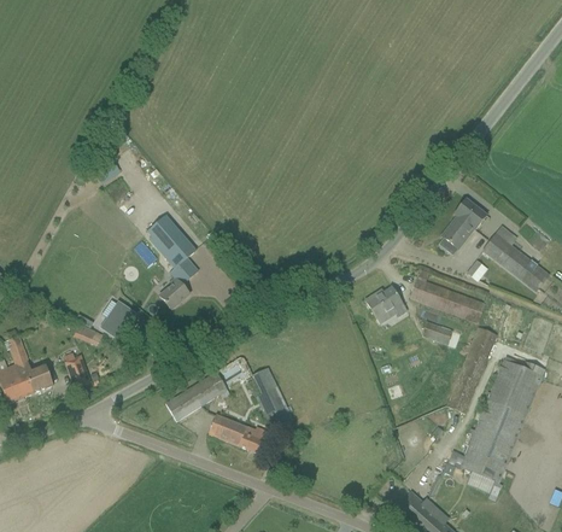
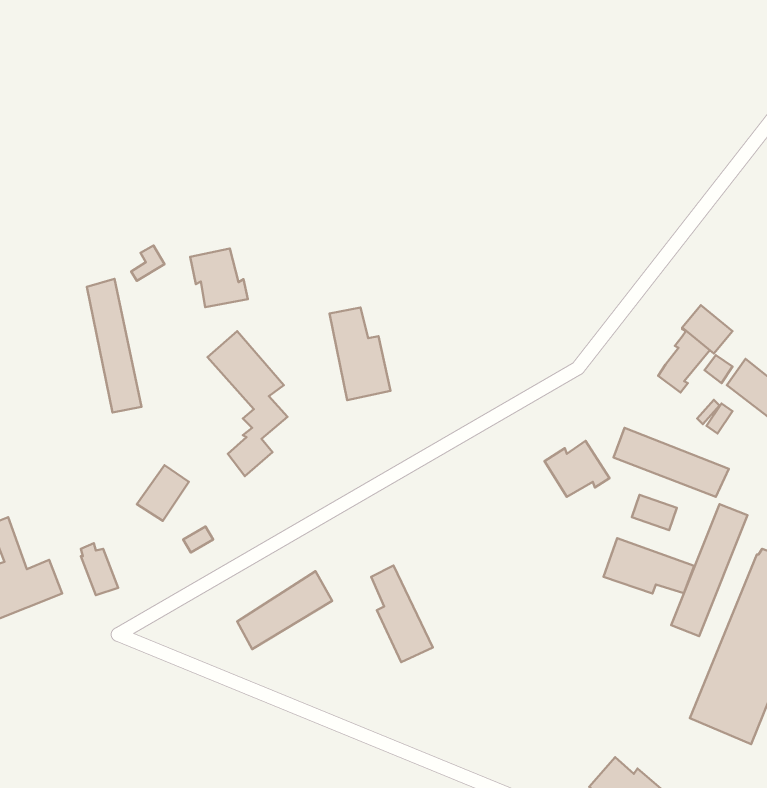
building: none -> [190,249,248,307]
building: none -> [87,279,142,412]
building: none -> [330,307,390,400]
building: none -> [604,538,694,593]
building: [209,414,269,454] -> none

